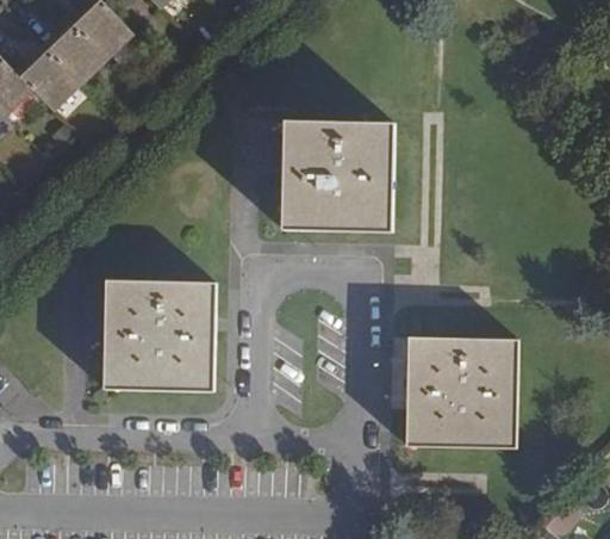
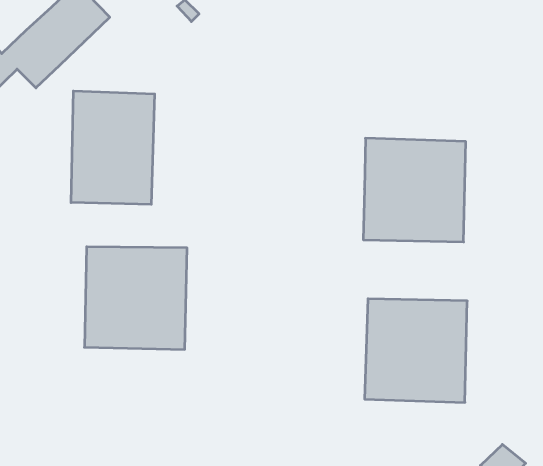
building: none -> [71,91,155,204]
building: [281,119,392,231] -> [363,138,466,242]

